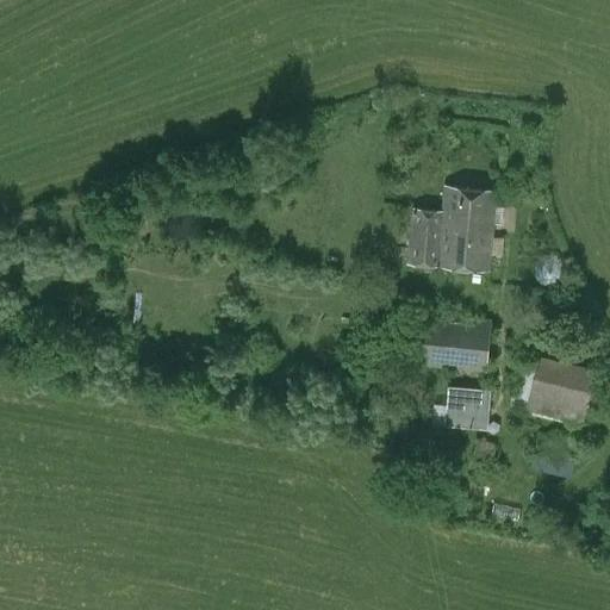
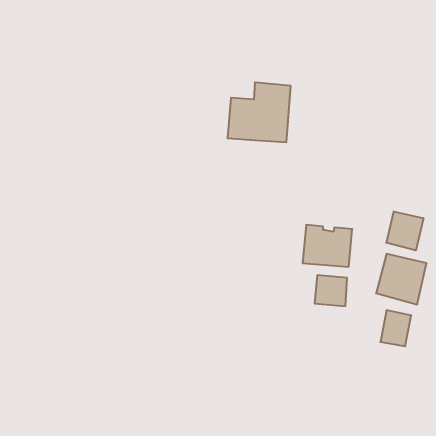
building: [407,187,496,270] -> [227,82,291,142]
building: none -> [386,211,423,250]

